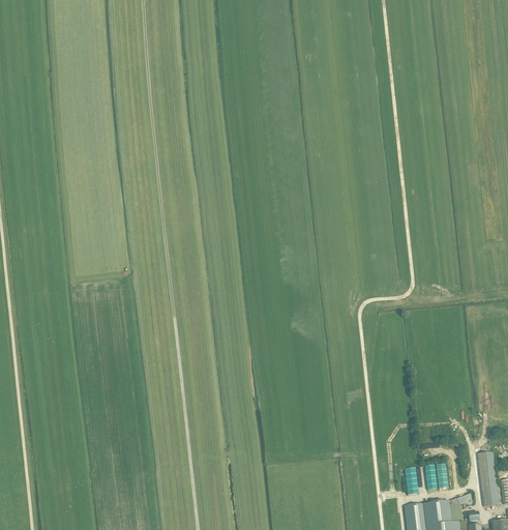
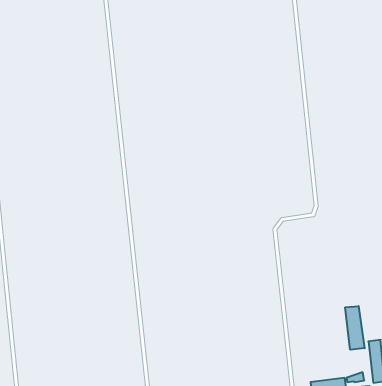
building: none -> [345,306,365,350]

